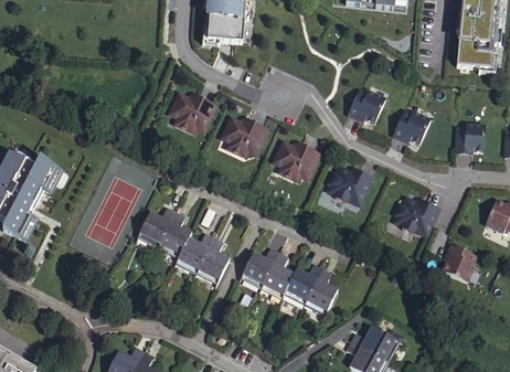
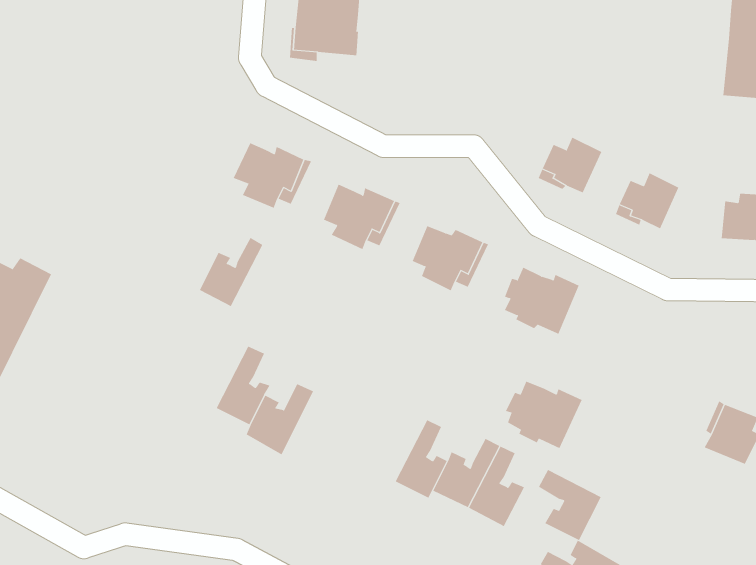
building: [393,195,438,235] -> [505,381,582,449]
building: [139,206,177,247] -> [199,237,263,307]
building: [196,237,230,285] -> none
building: [243,249,281,290] -> none
building: none -> [538,469,601,541]

